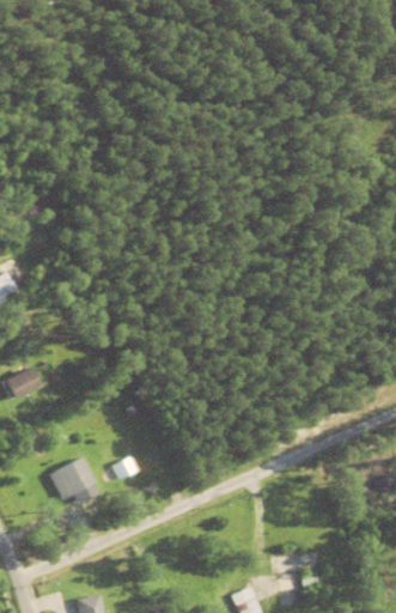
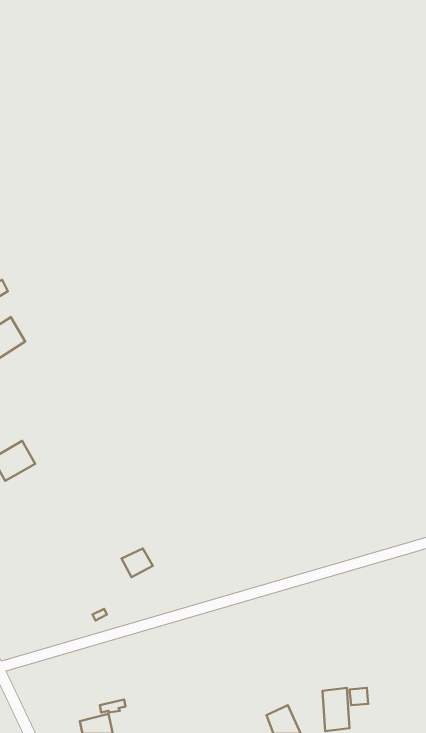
building: [48,457,95,500] -> none

